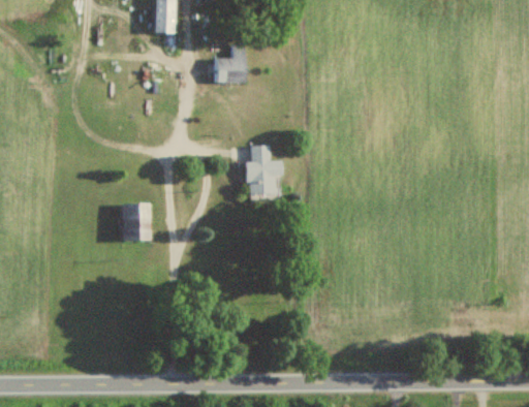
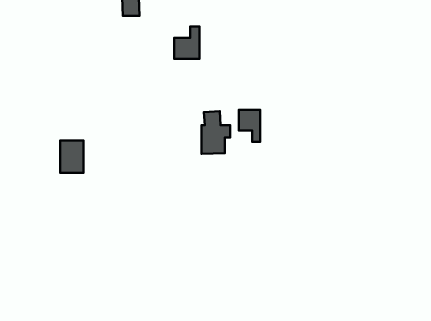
building: none -> [239,110,260,142]
building: [123,202,151,241] -> [60,140,84,173]

